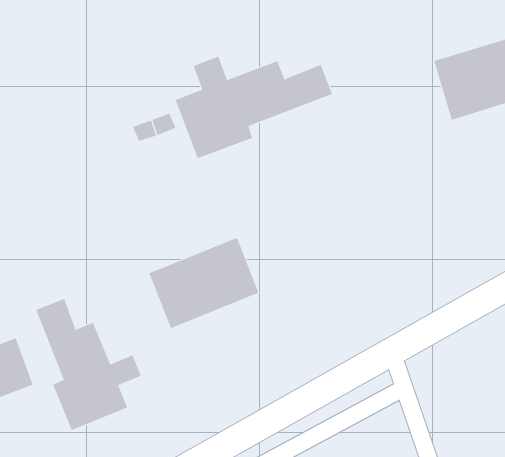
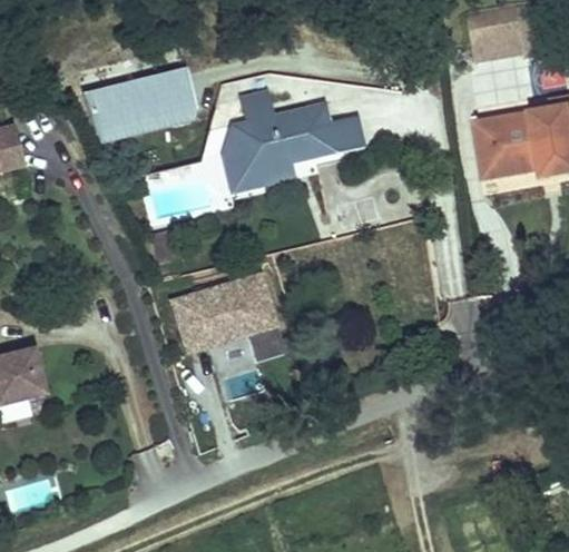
building: none -> [84,69,196,140]
building: [35,298,141,431] -> none

